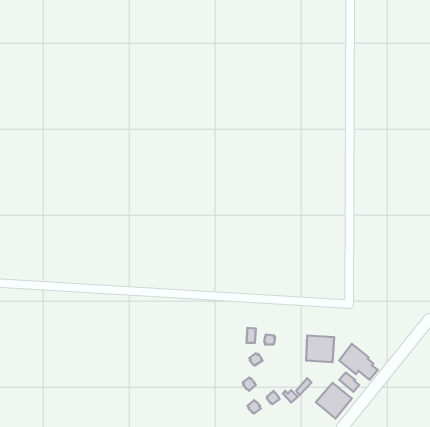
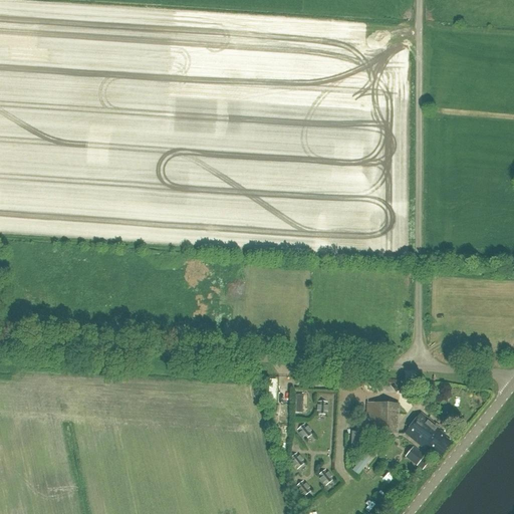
building: [316,383,352,418] -> none

